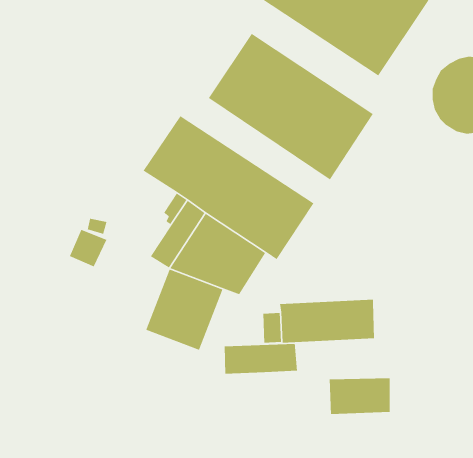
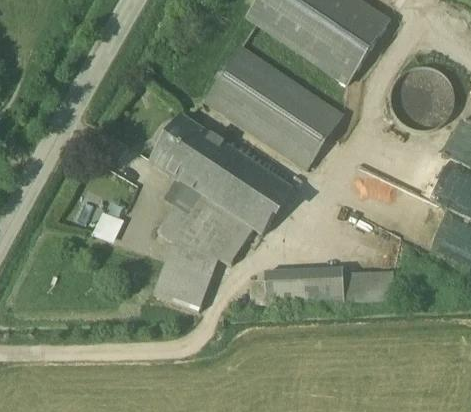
building: [224,343,298,375] -> none
building: [329,378,391,415] -> [342,268,393,299]

